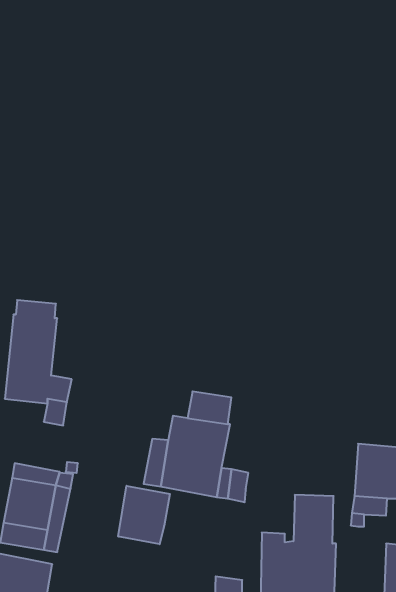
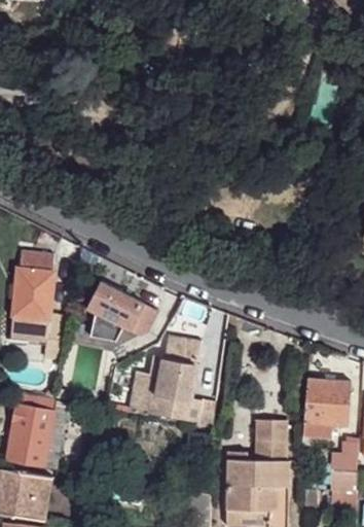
building: none -> [85,279,156,340]
building: [118,486,170,544] -> none

